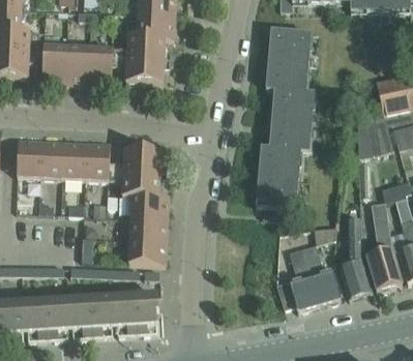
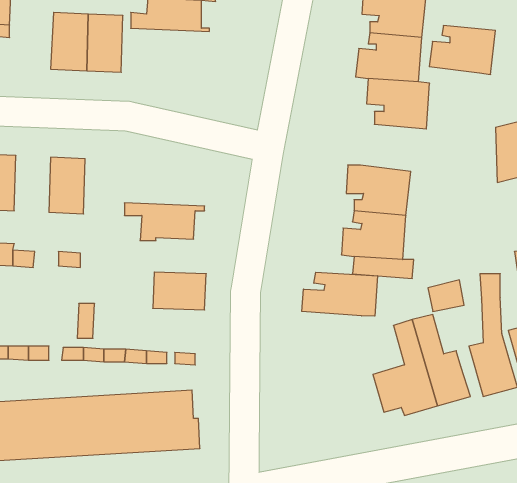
building: [42,43,67,82] -> none
building: [117,55,170,81] -> none
building: [269,118,313,150] -> [429,26,495,74]
building: [41,139,65,176] -> none
building: [87,141,111,178] -> none
building: [114,147,167,172] -> none
building: [134,192,169,216] -> none
building: none -> [302,272,378,316]
building: [131,239,167,263] -> none

